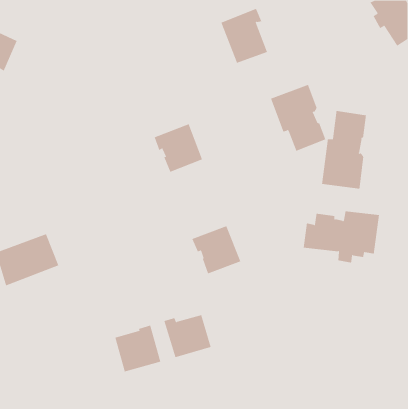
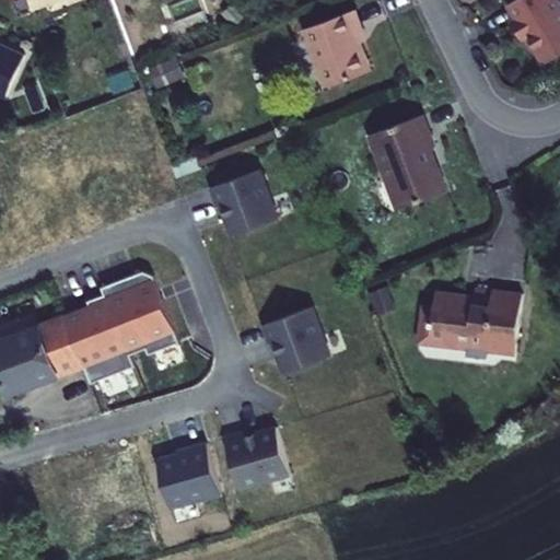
building: [321,110,367,189] -> none
building: none -> [63,273,177,384]

